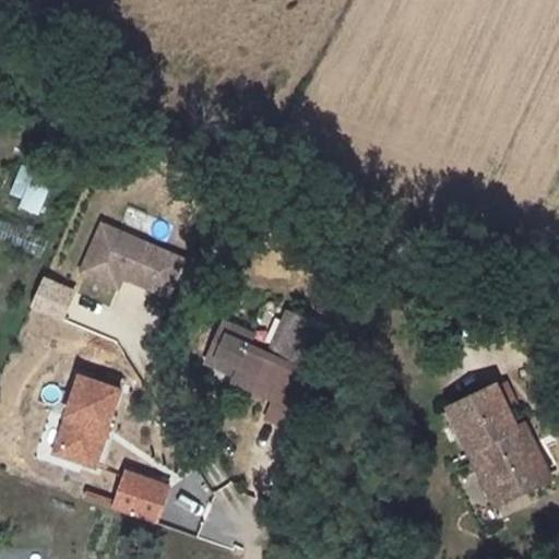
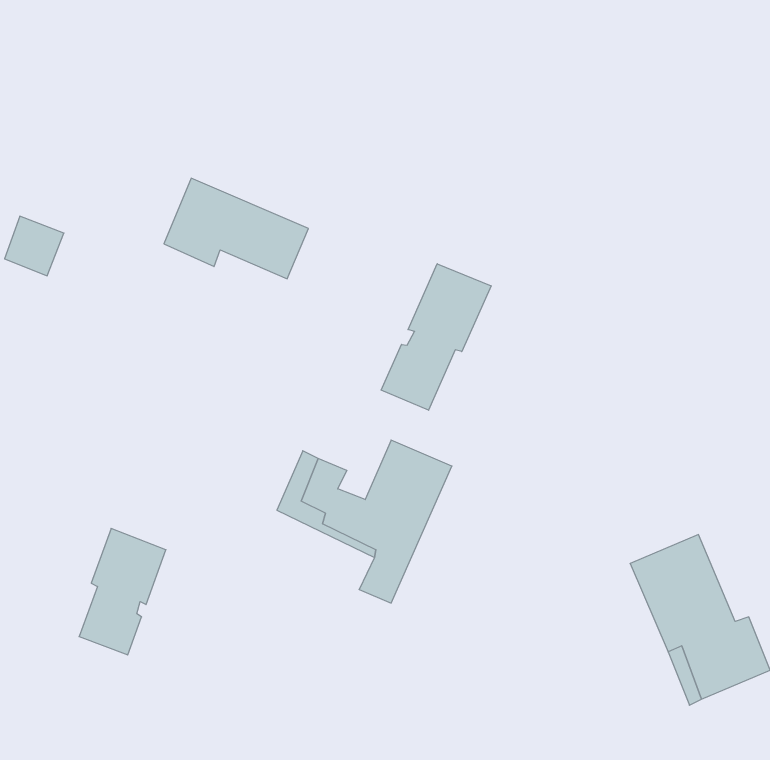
building: none -> [381,264,491,410]
building: [80,223,183,295] -> [164,178,308,279]
building: [107,456,166,510] -> none

